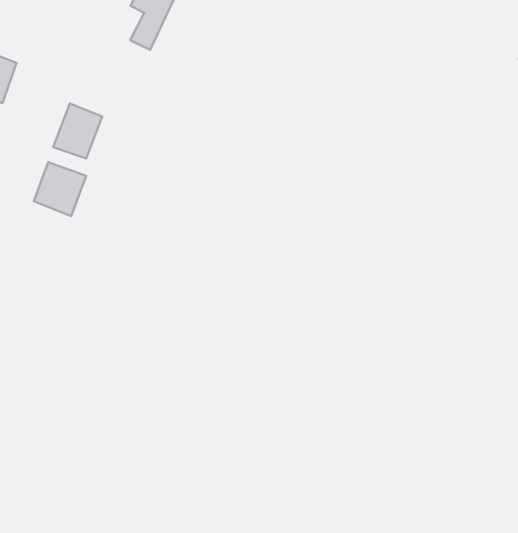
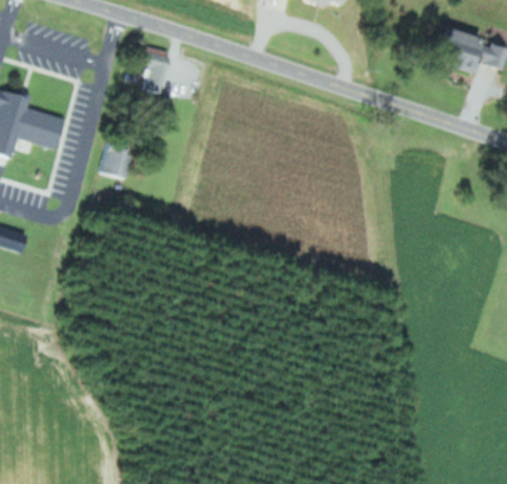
building: [34,162,86,216] -> none

